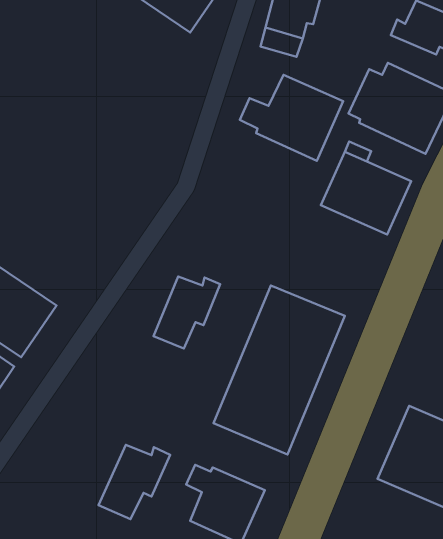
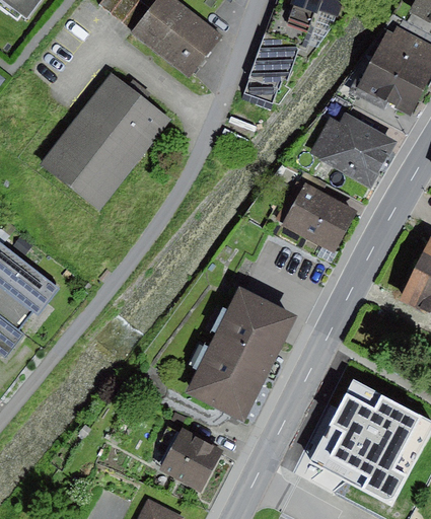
building: none -> [39,74,169,211]
building: [240,75,343,161] -> none
building: [154,276,220,348] -> none
building: [99,445,170,519] -> none

